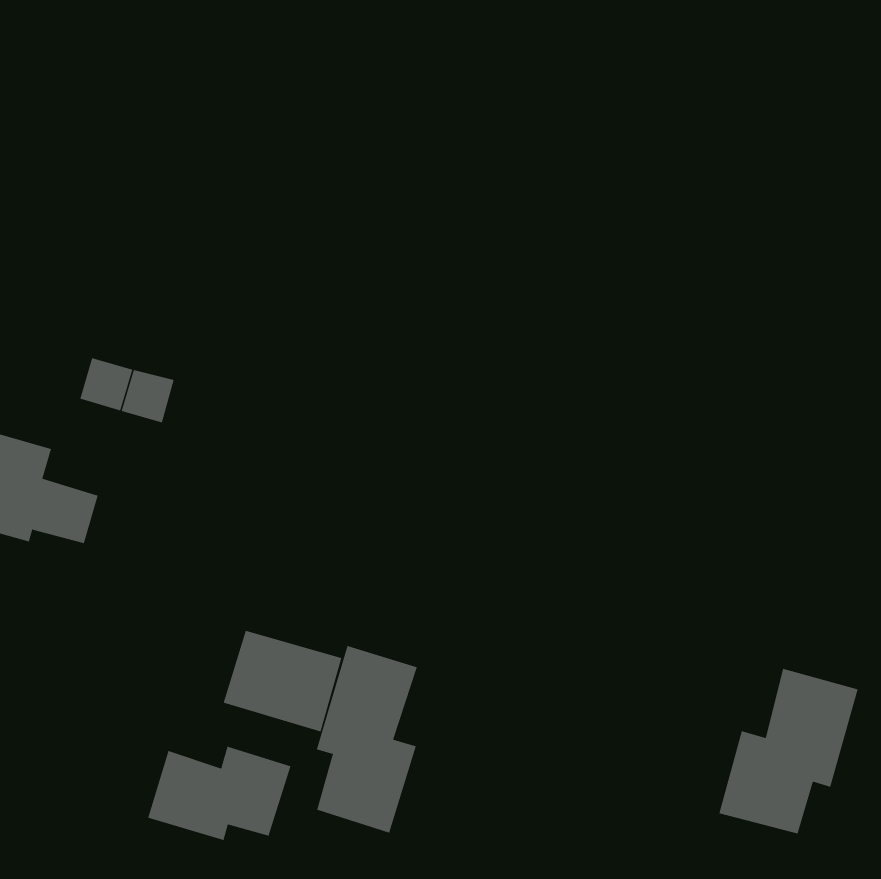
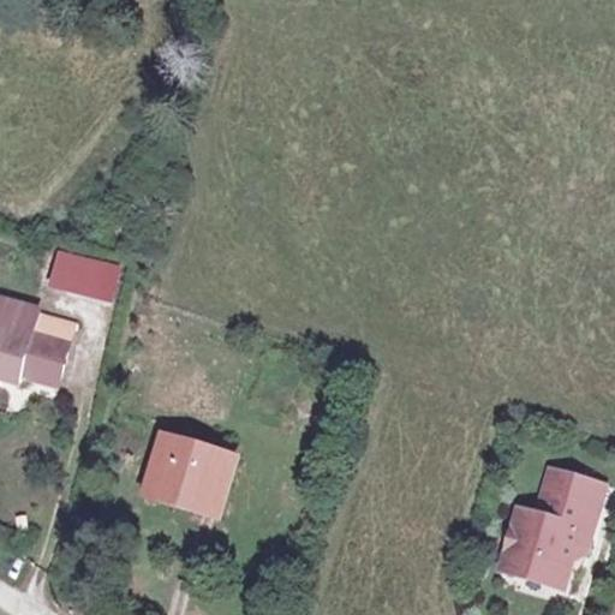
building: [316,645,417,834] -> none
building: [147,746,291,841] -> none

